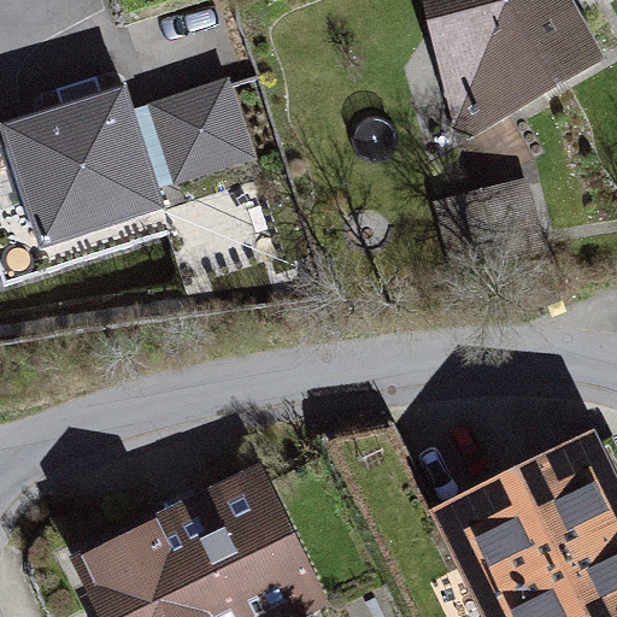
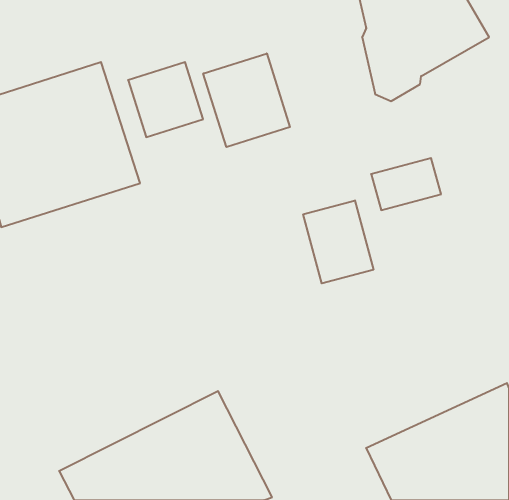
building: none -> [203,53,290,147]
building: none -> [303,200,373,283]

